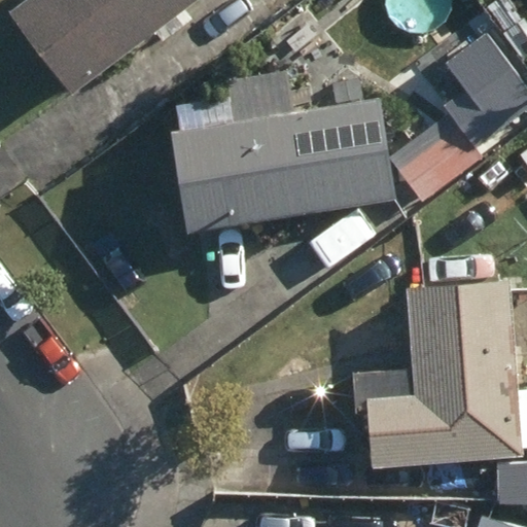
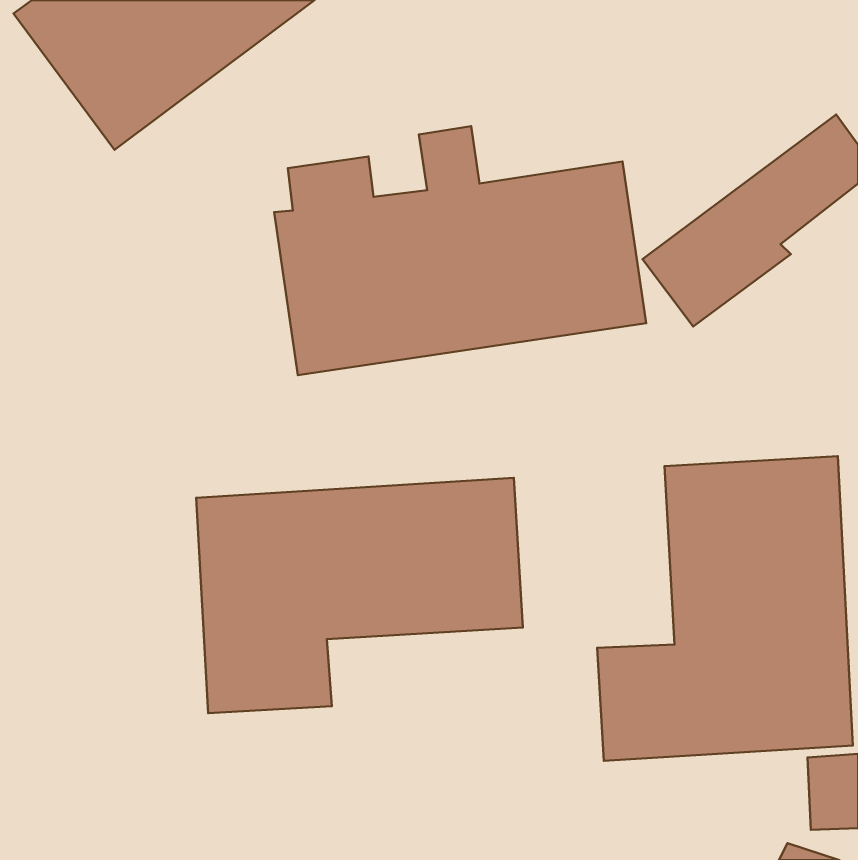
building: none -> [196,478,523,713]

